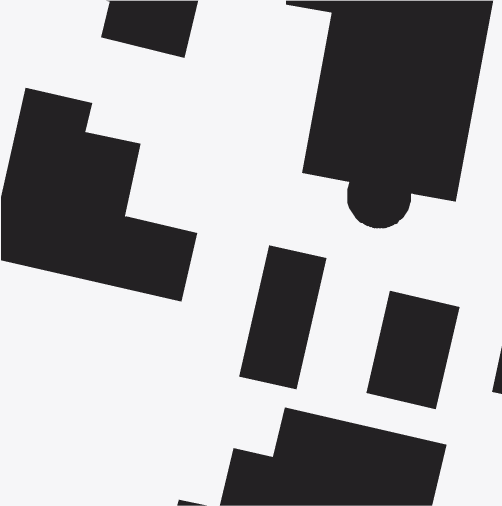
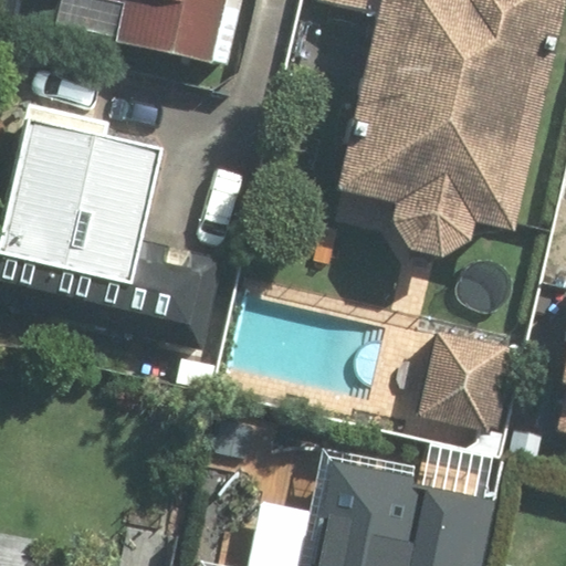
building: [238,245,327,390] -> none

